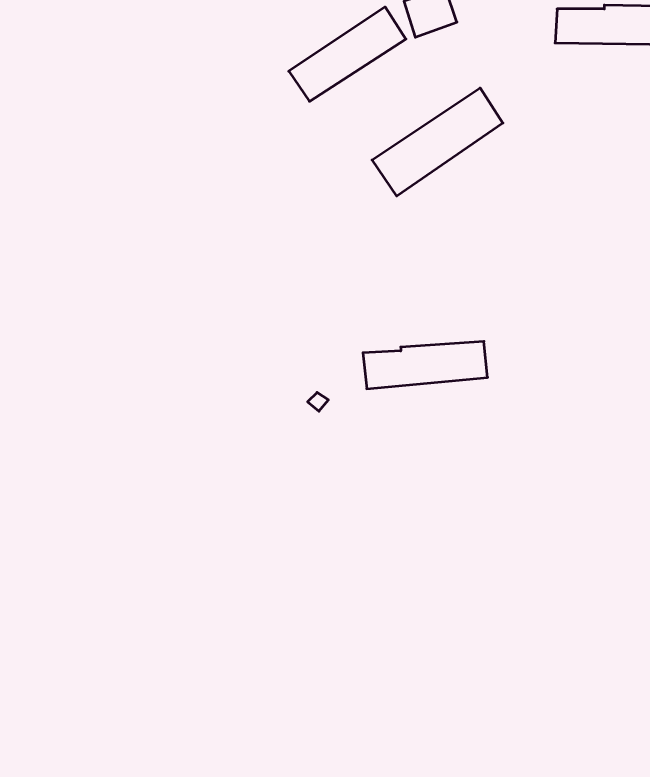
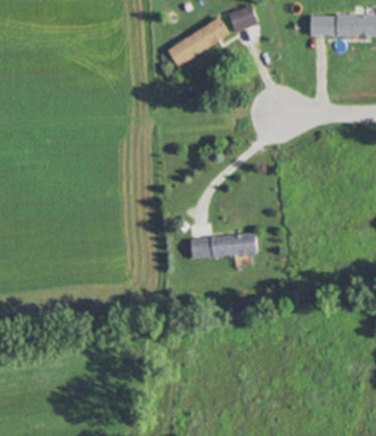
building: [372,88,503,196] -> none
building: [363,341,488,389] -> [191,234,257,259]

